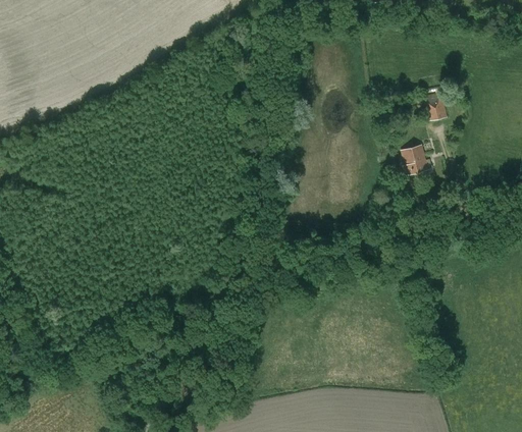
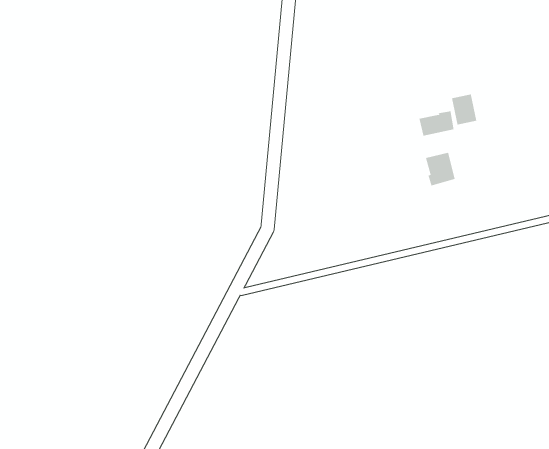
building: none -> [419,110,454,136]

